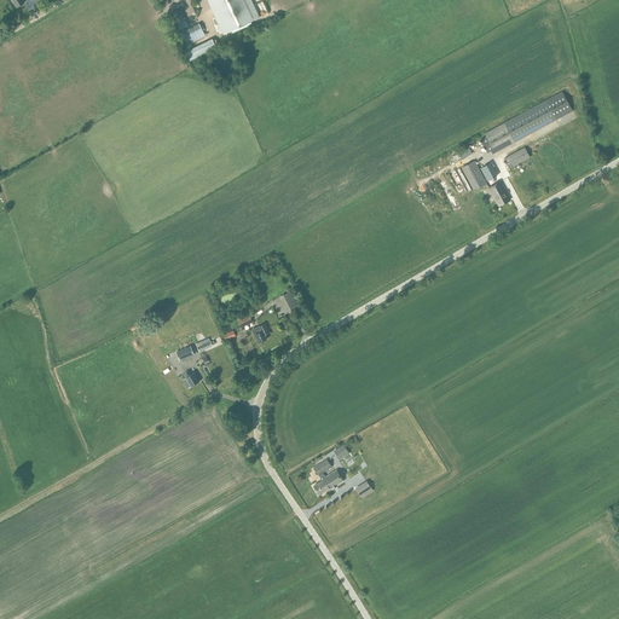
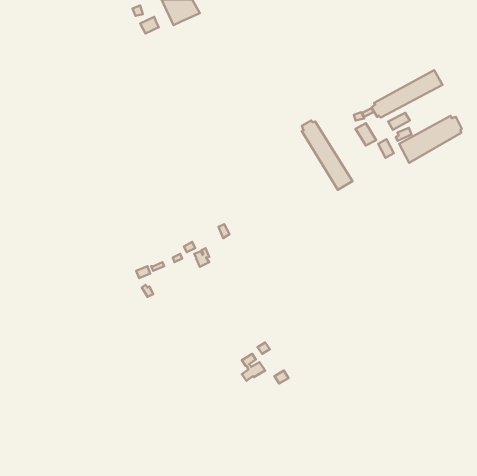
building: none -> [399,116,462,163]
building: none -> [302,120,352,190]

